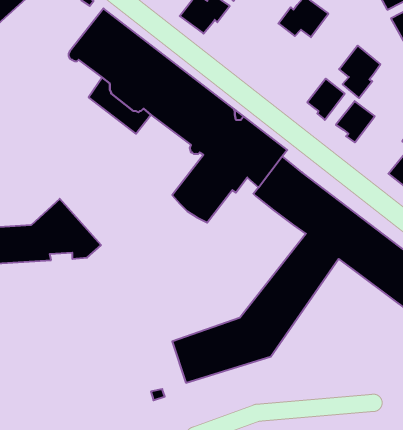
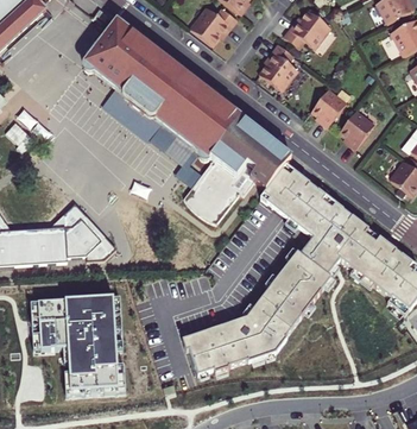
building: none -> [258,43,297,90]
building: [339,46,380,98] -> none
building: none -> [38,297,118,387]

